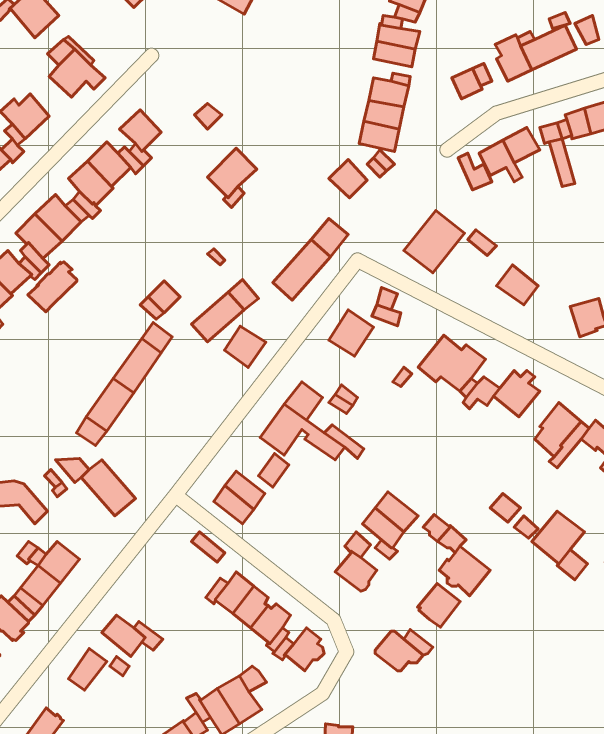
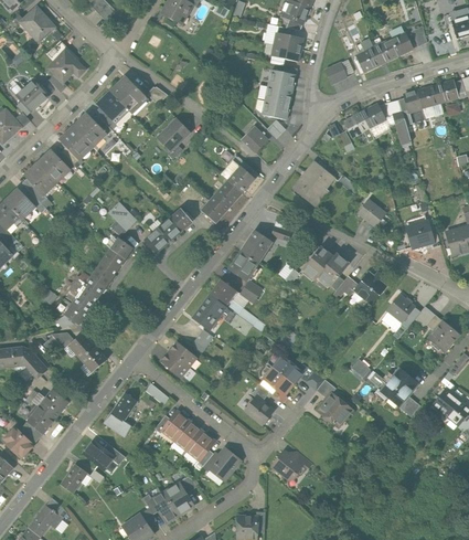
building: none -> [110,77,148,114]
building: [28,262,77,312] -> none
building: [224,326,266,368] -> [230,251,258,279]
building: none -> [105,392,138,436]
building: [418,583,460,627] -> none

